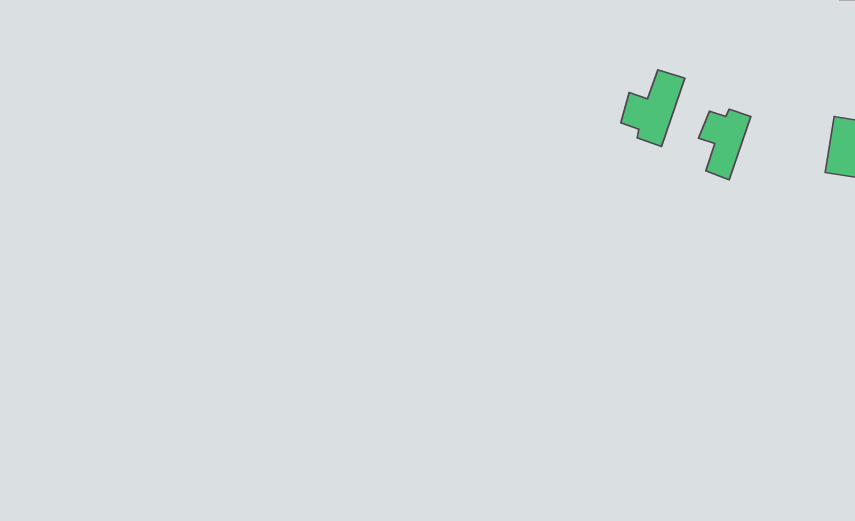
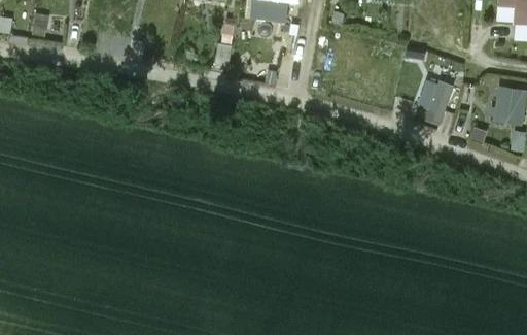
building: [621,70,685,146] -> none

